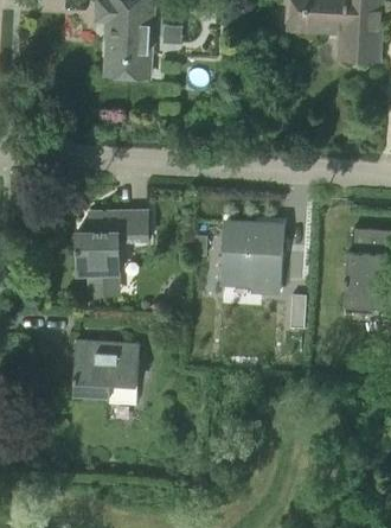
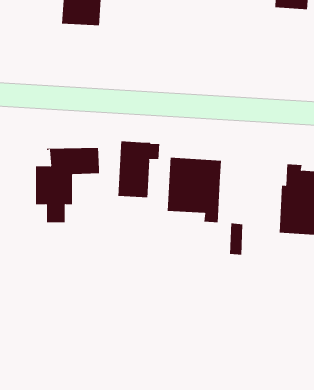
building: none -> [118,140,160,198]
building: [72,341,140,403] -> none

